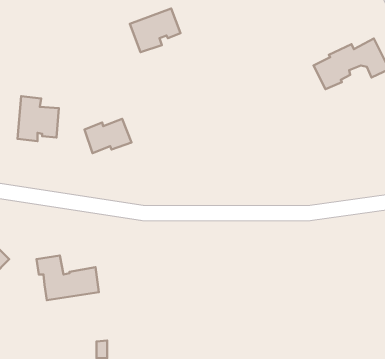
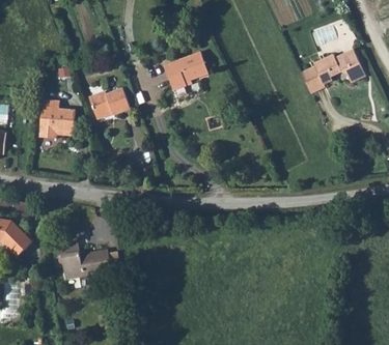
building: [130,9,181,52] -> [163,52,207,90]
building: [84,119,132,153] -> [88,88,130,118]

